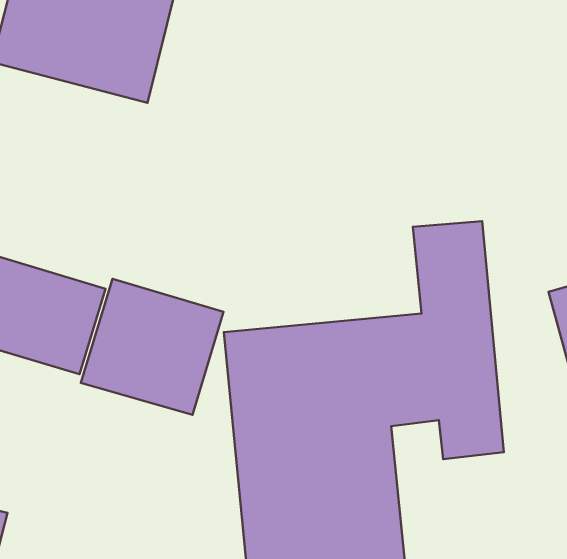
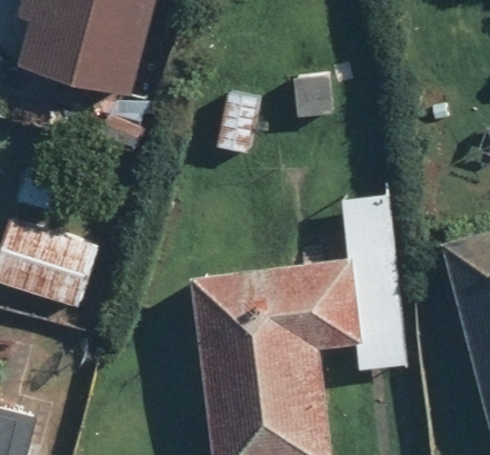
building: [81,279,223,415] -> none

